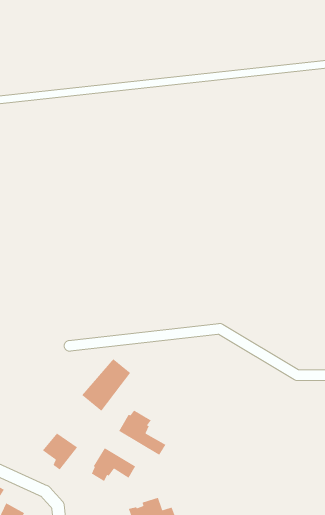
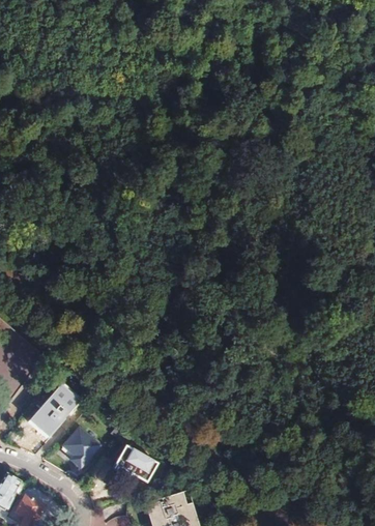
building: [81,358,131,412] -> [31,385,80,438]
building: [118,409,166,456] -> none

